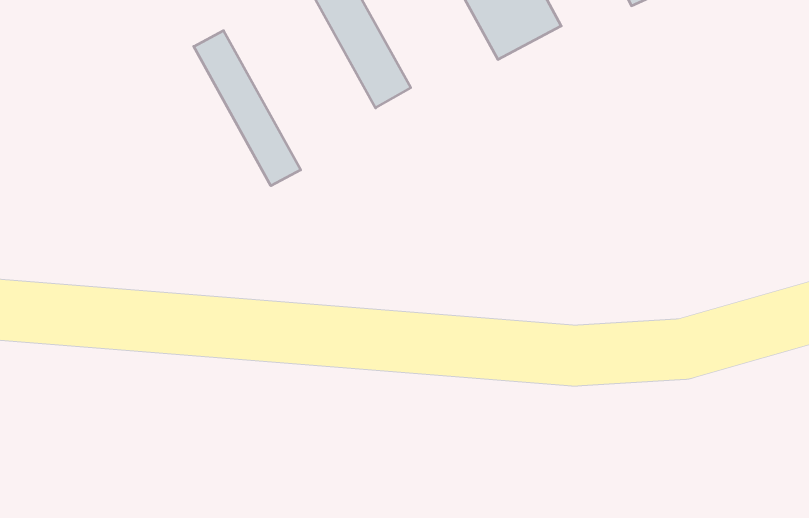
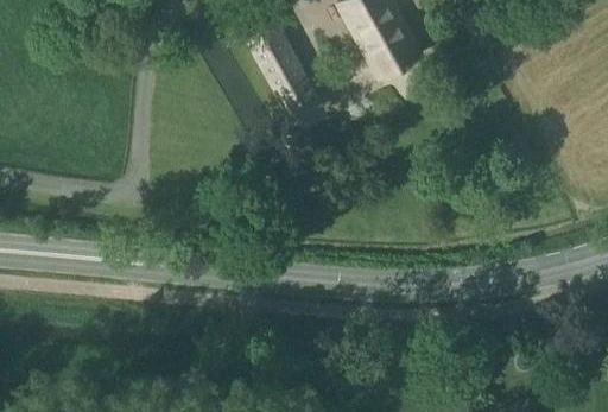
building: [194,31,301,186] -> none

